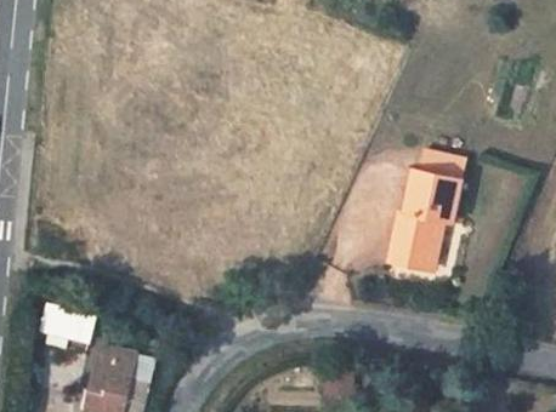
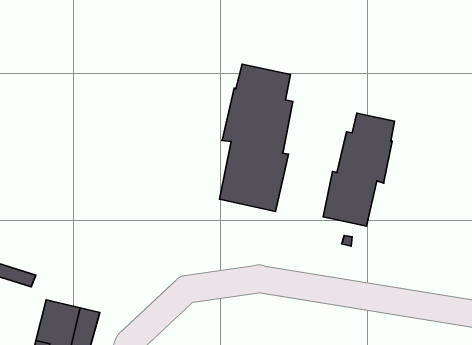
building: none -> [220,64,293,211]

